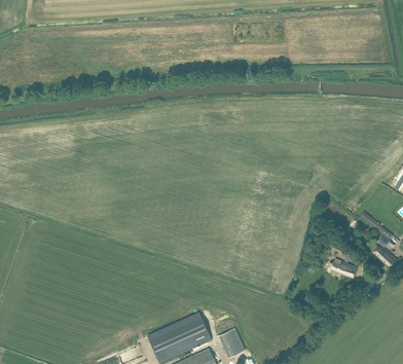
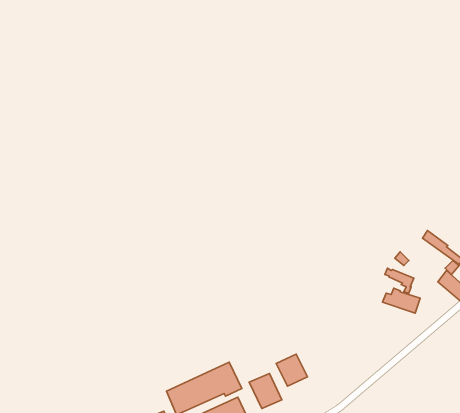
building: none -> [276,354,308,386]

